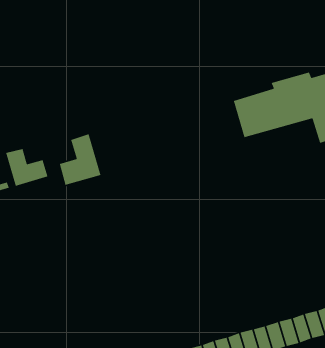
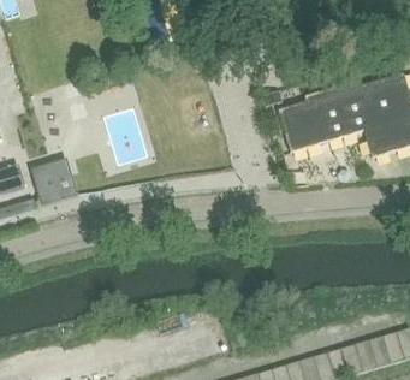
building: [59,133,102,186] -> none

